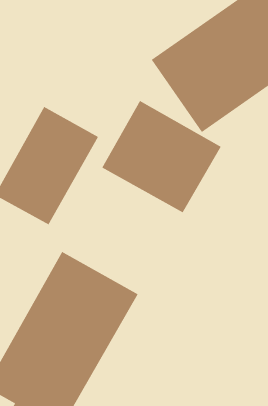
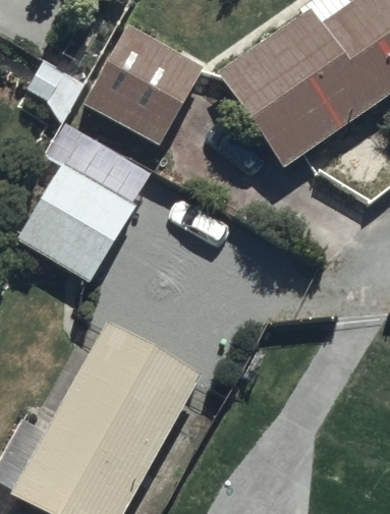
building: none -> [93,28,204,141]
building: [102,100,221,213] -> none

